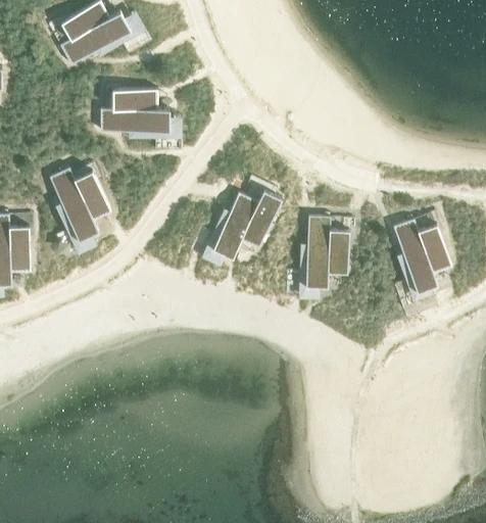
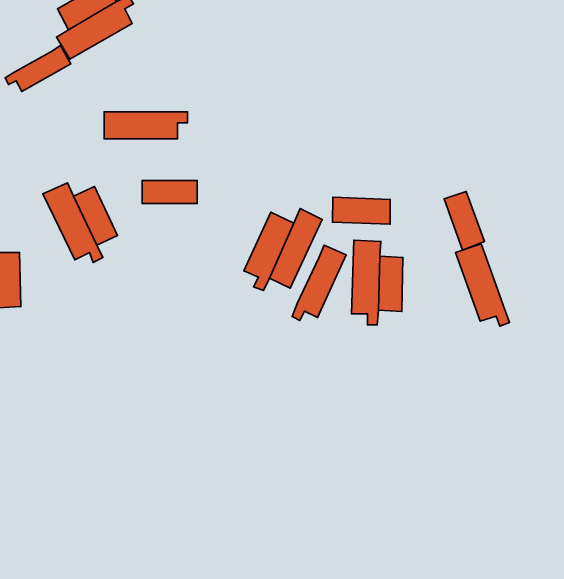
building: none -> [5,46,71,92]
building: [111,89,157,108] -> [142,180,197,204]
building: none -> [333,197,390,224]
building: none -> [292,245,346,320]
building: [418,224,451,273] -> [444,191,485,250]

